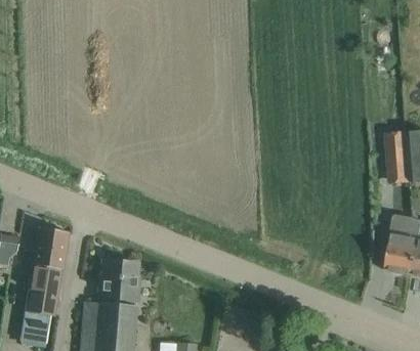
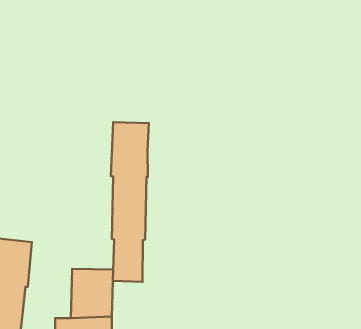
building: none -> [111,122,149,282]

